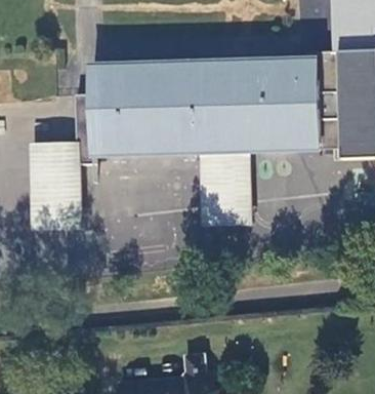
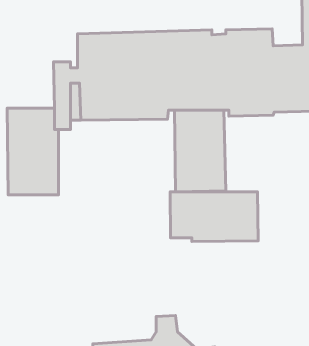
building: none -> [170,192,258,242]

